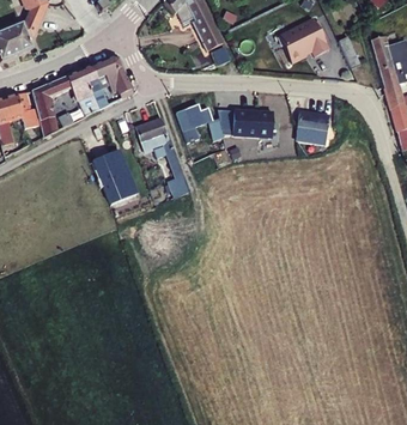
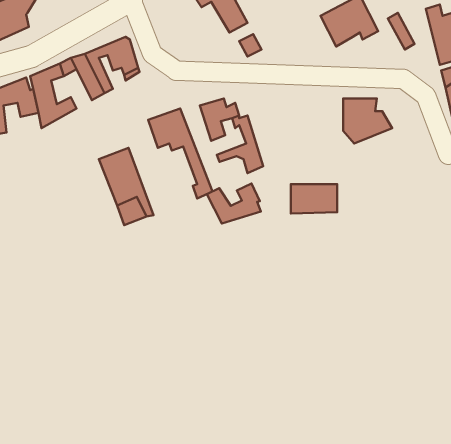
building: [235,113,274,138] -> [291,184,337,214]
building: none -> [207,184,261,223]

